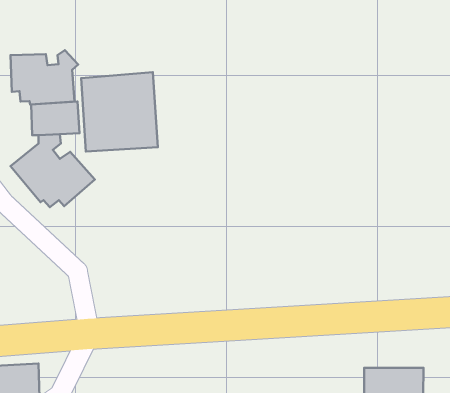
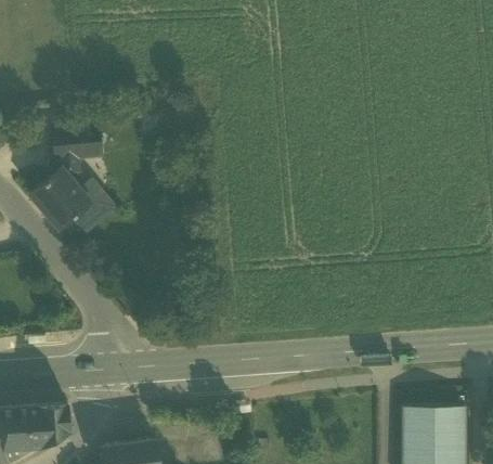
building: [10,50,78,104] -> none
building: [81,72,158,152] -> none

